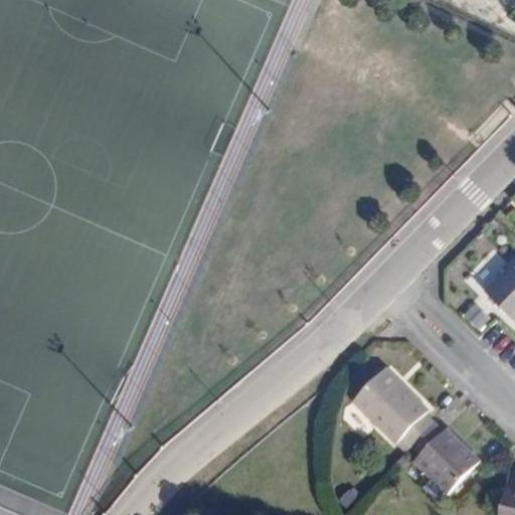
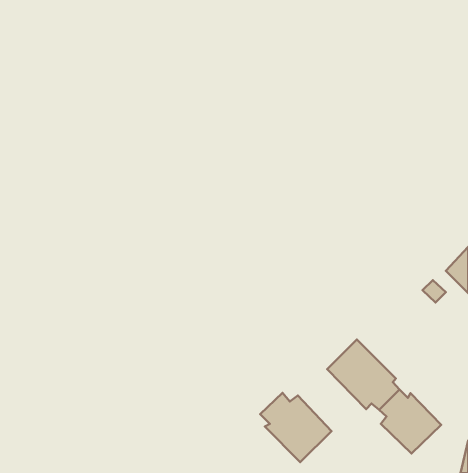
building: none -> [260,393,331,462]

